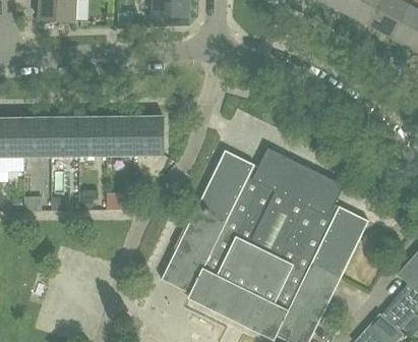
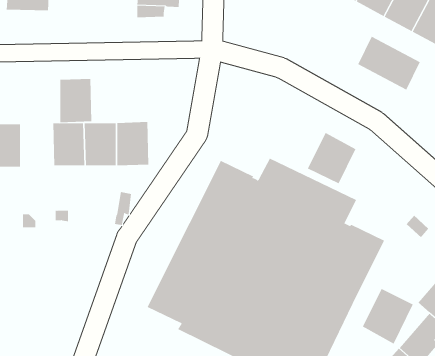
building: none -> [357,36,421,91]
building: [51,117,79,156] -> [60,78,92,123]
building: none -> [307,132,356,184]
building: none -> [362,288,414,344]

